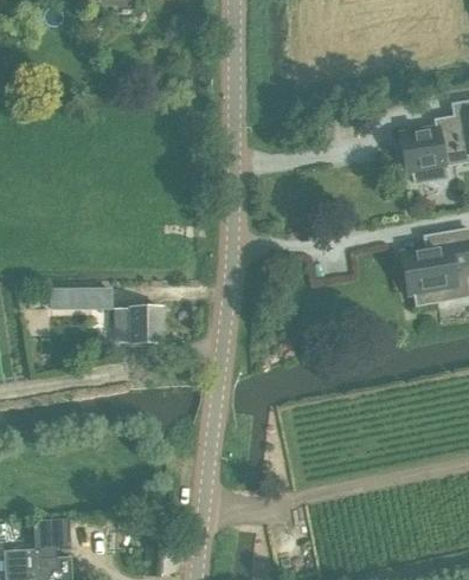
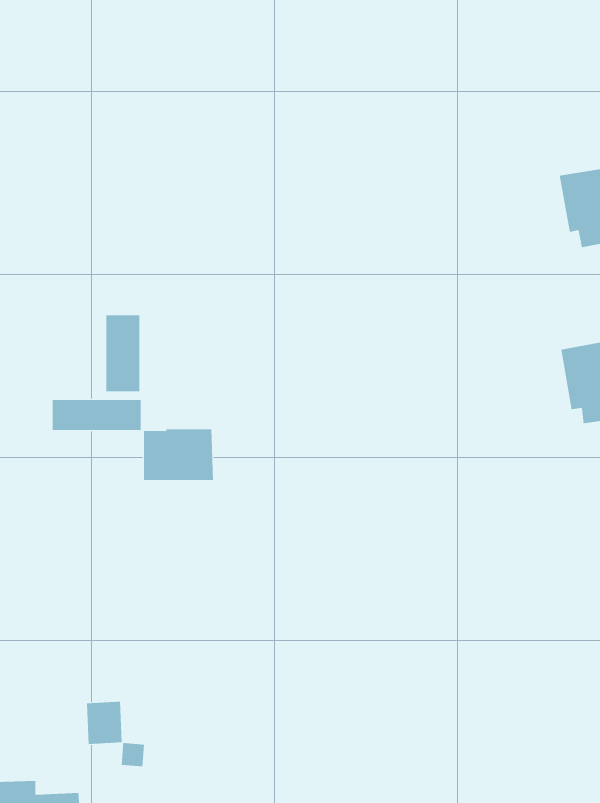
building: none -> [106,314,140,392]
building: [44,518,69,548] -> [86,701,122,744]

